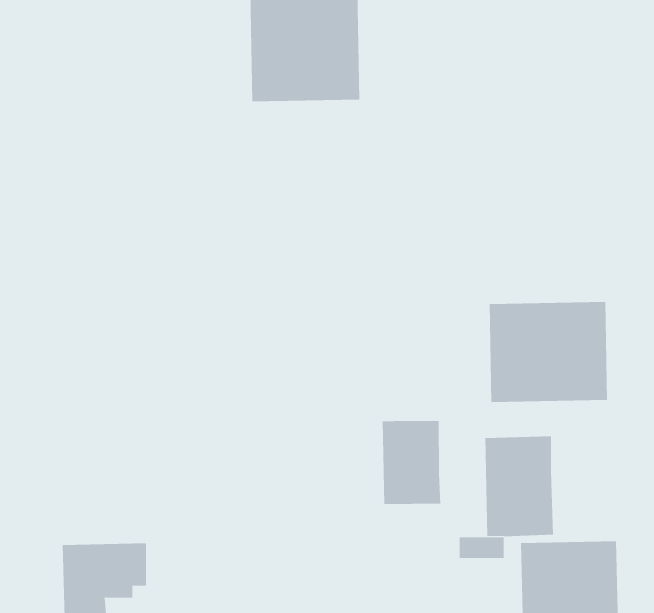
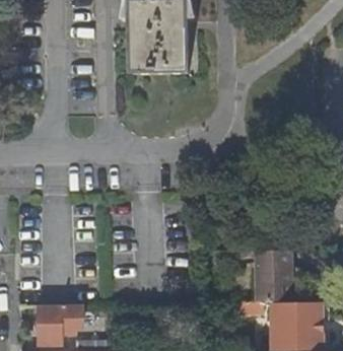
building: [489,301,607,403] -> none
building: [382,420,441,505] -> none

